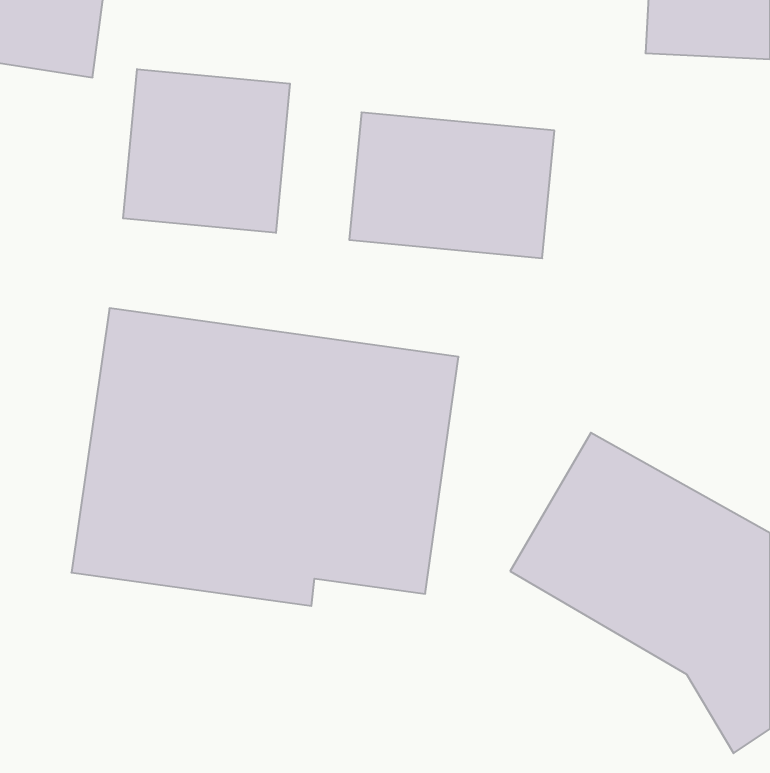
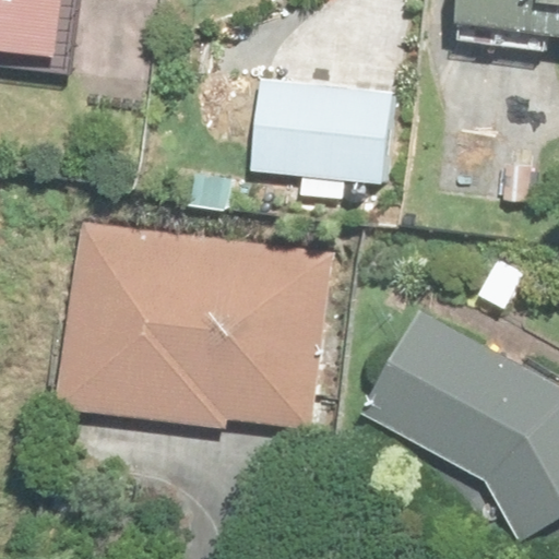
building: [123,69,290,233] -> none

